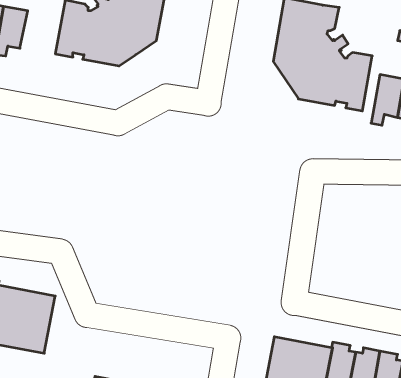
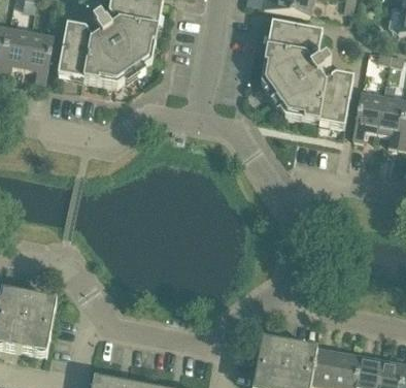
building: none -> [24,32,54,80]

